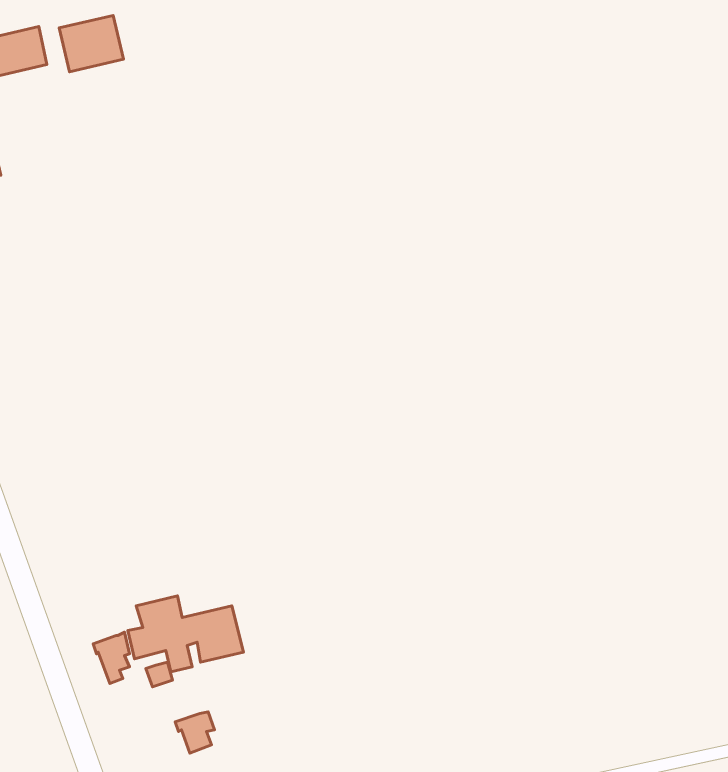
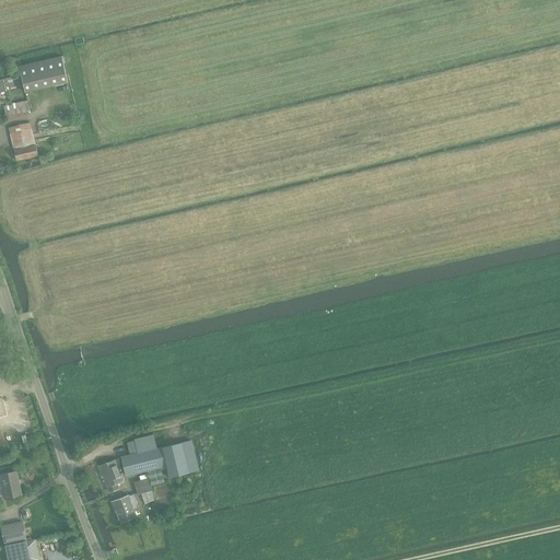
building: [59,16,124,72] -> none
building: [175,712,215,753] -> [109,494,136,522]

